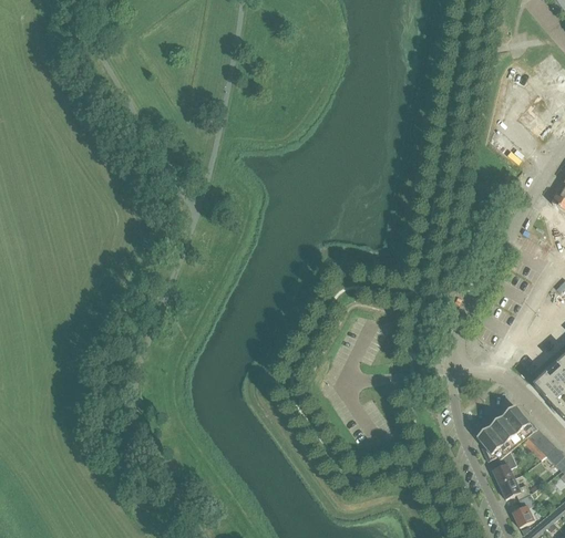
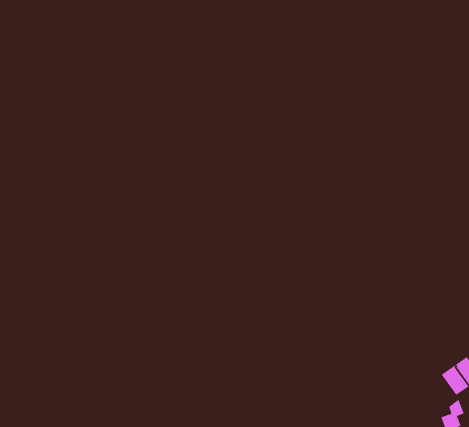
building: [476,425,506,456] -> none

